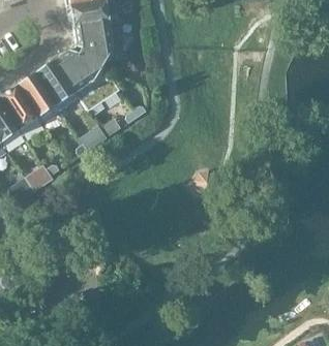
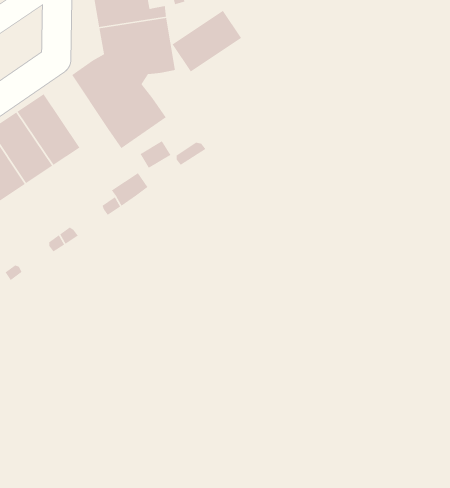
building: none -> [171,10,242,73]
building: [35,59,79,108] -> none

